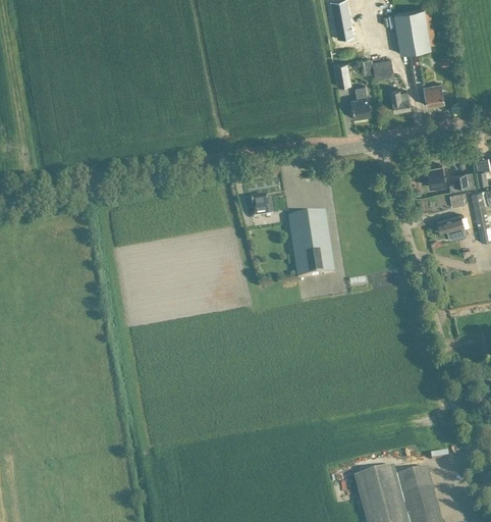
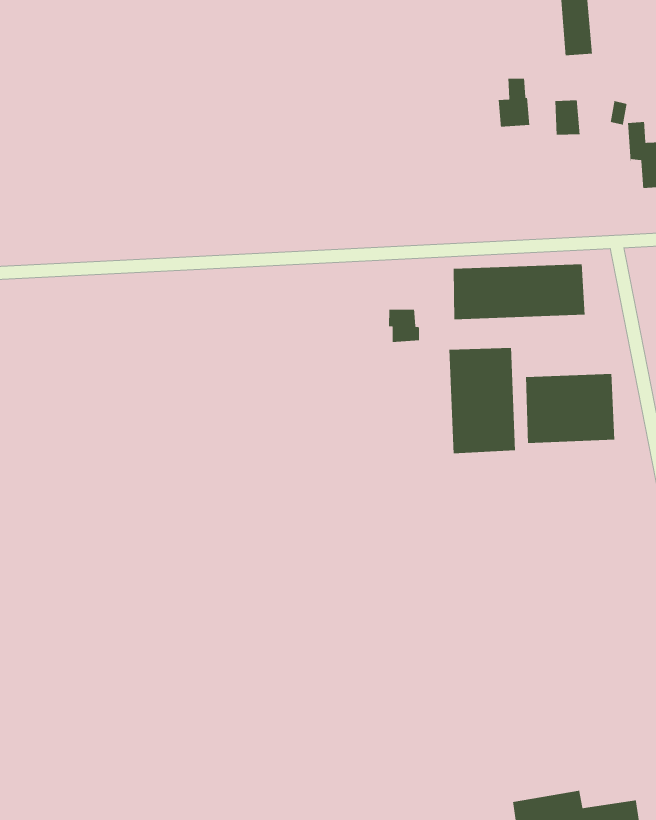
building: [350,87,371,117] -> [498,78,530,128]
building: none -> [453,263,585,320]
building: none -> [525,373,615,444]

